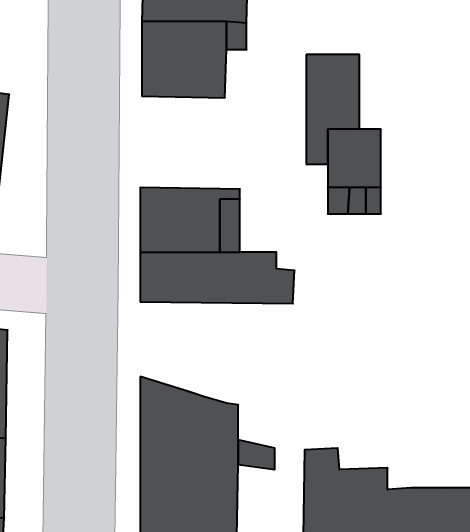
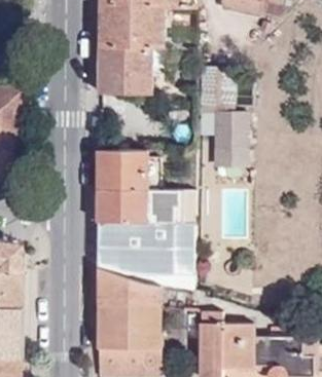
building: none -> [99,221,193,291]

